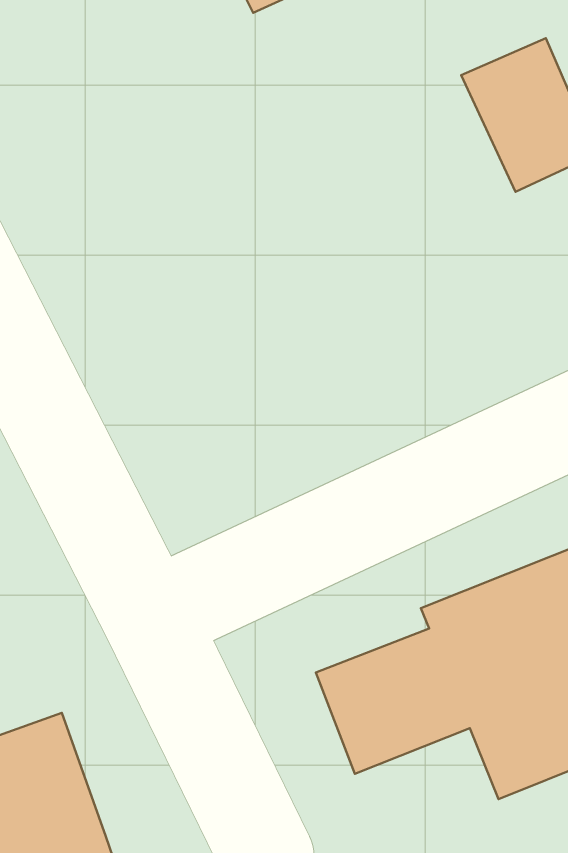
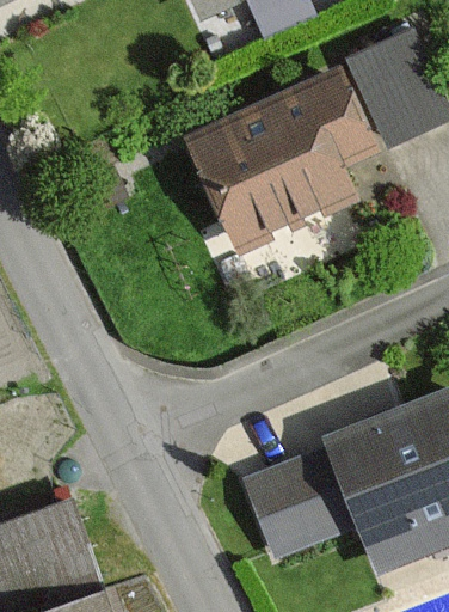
building: none -> [189,74,373,241]

